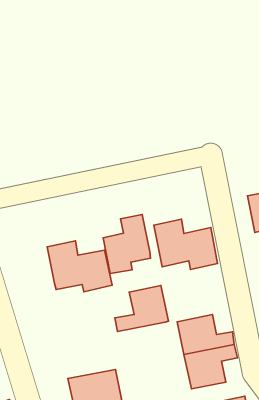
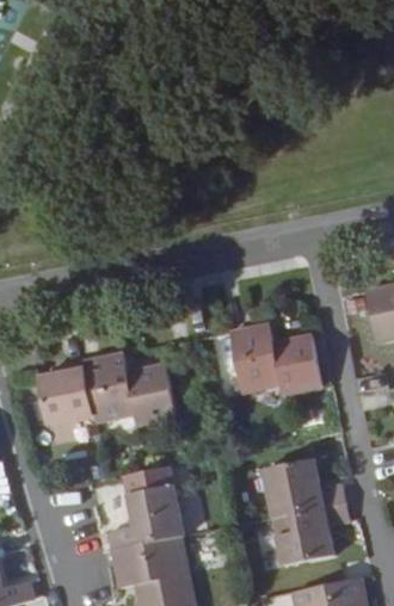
building: [103,214,151,274] -> none
building: none -> [35,361,91,423]
building: [115,285,168,331] -> [106,484,183,550]

